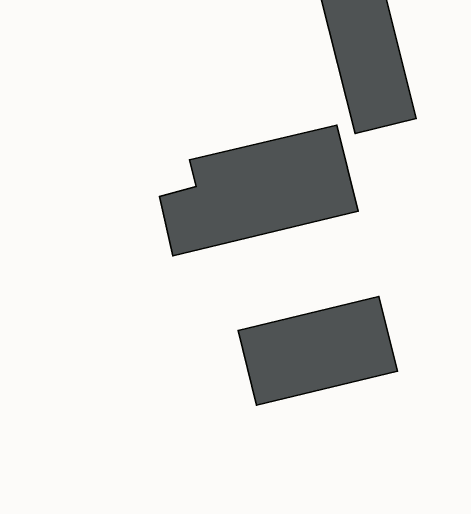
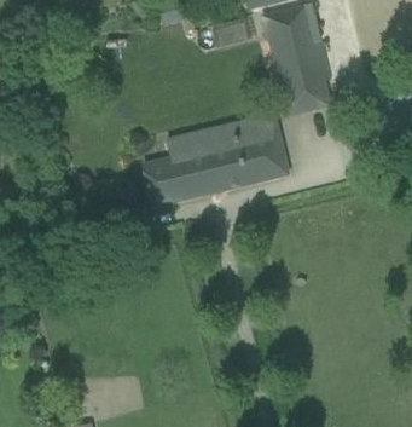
building: [238,297,397,405] -> none

